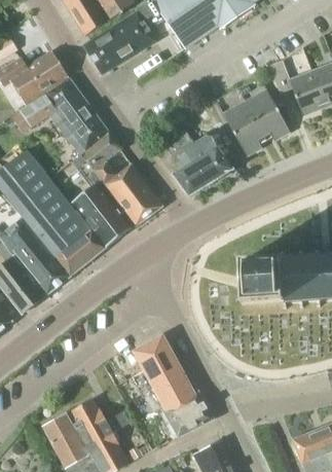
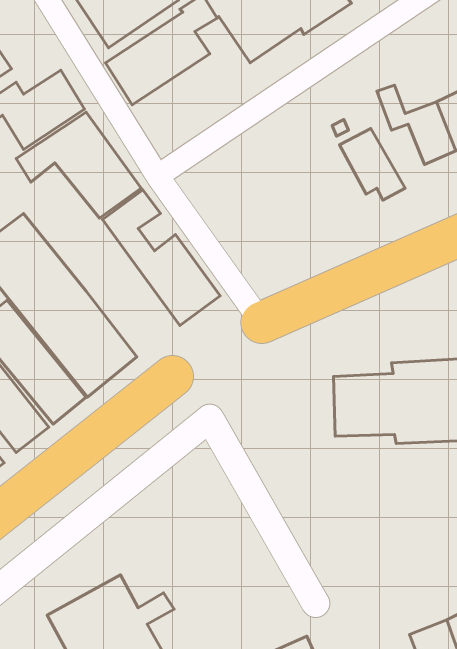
building: [224,102,263,155] -> none
building: [164,130,232,196] -> none
building: [72,153,132,247] -> none
building: [134,334,214,436] -> none

